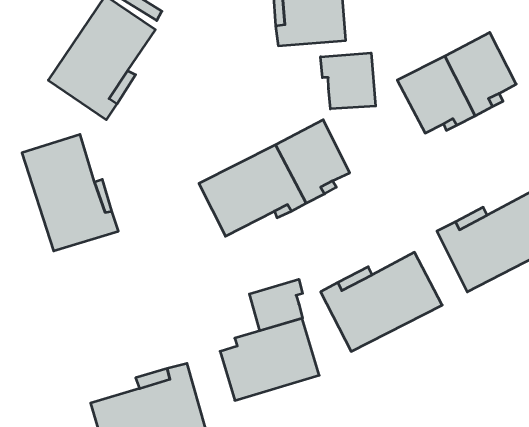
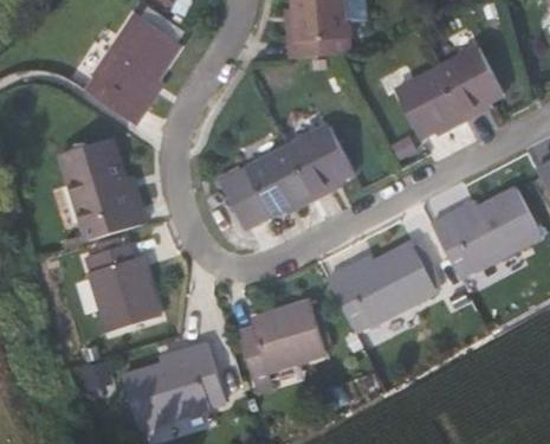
building: [321,53,376,109] -> none
building: none -> [84,244,158,332]
building: [249,279,303,331] -> none

